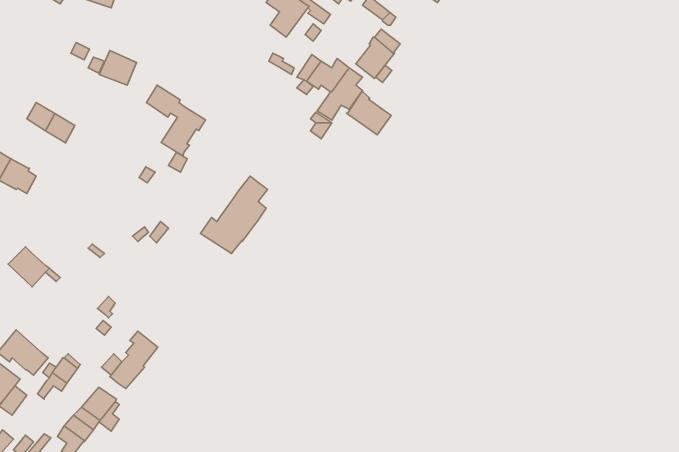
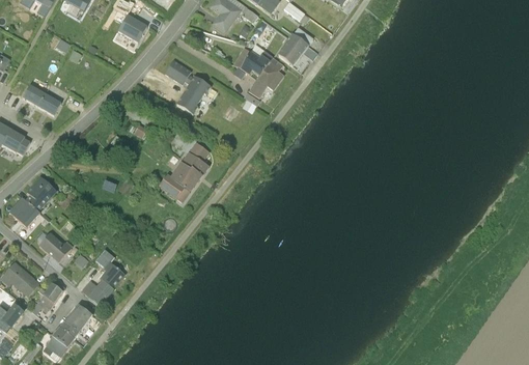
building: [99,51,137,85] -> [120,16,149,43]
building: [147,85,205,156] -> [165,59,211,114]
building: [347,92,391,135] -> none
building: none -> [26,177,54,210]
building: none -> [38,231,72,261]

